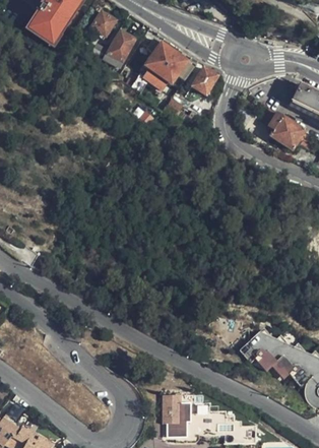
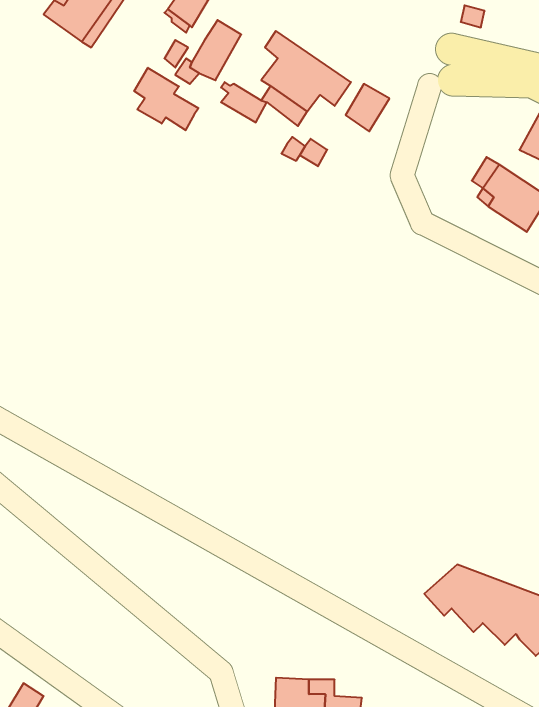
building: none -> [134,68,198,130]

